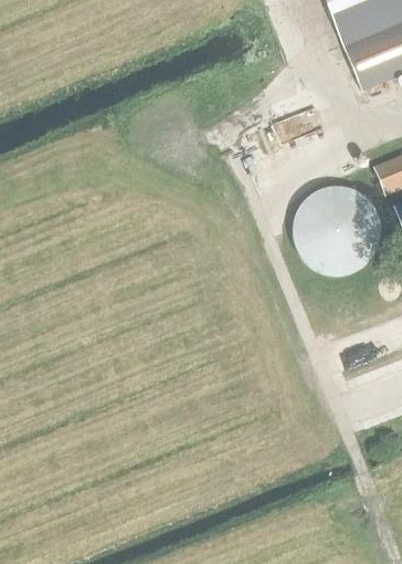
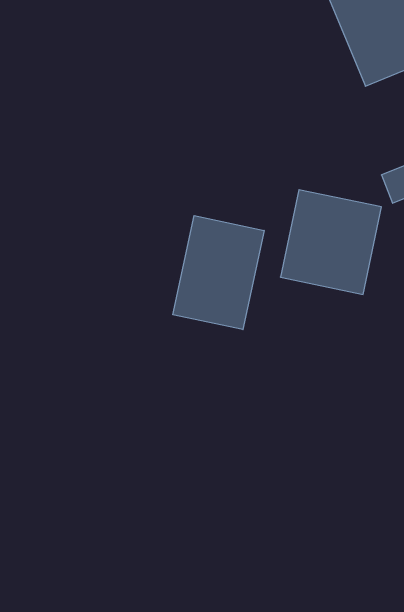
building: none -> [173,216,264,330]

